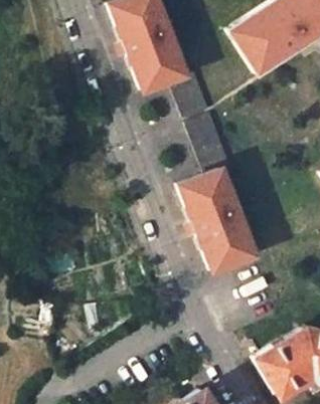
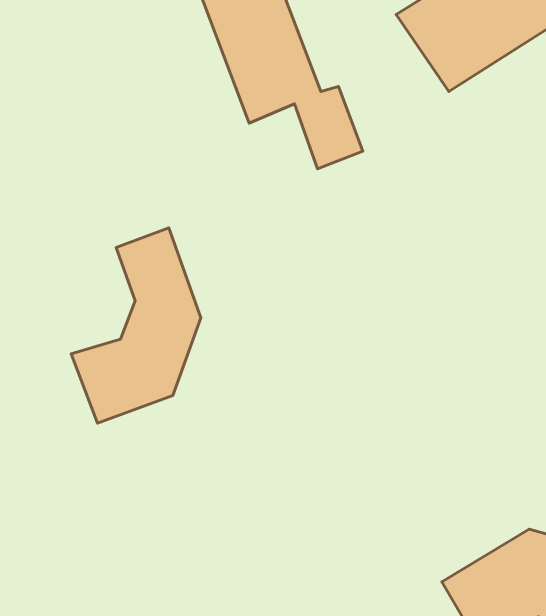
building: [182,117,255,273] -> none
building: none -> [71,228,201,423]

